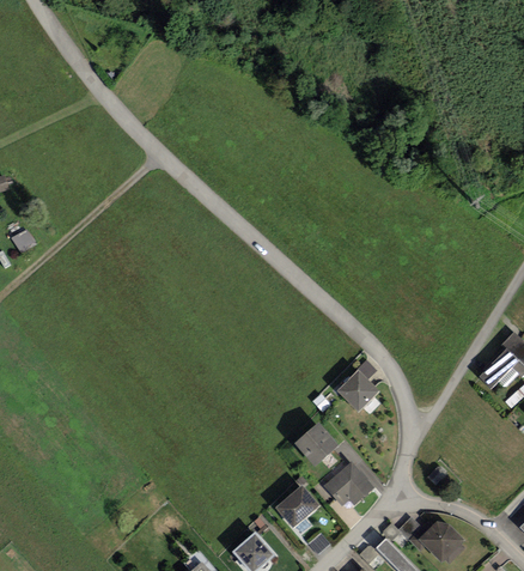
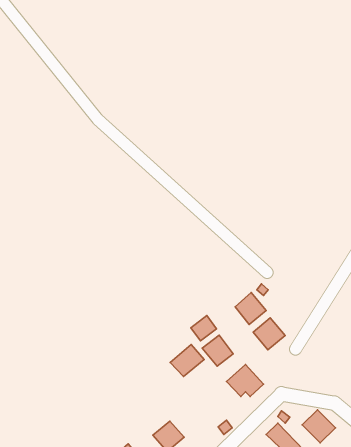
building: none -> [191,315,216,341]
building: none -> [253,318,285,350]
building: [275,486,318,527] -> [170,344,204,377]

